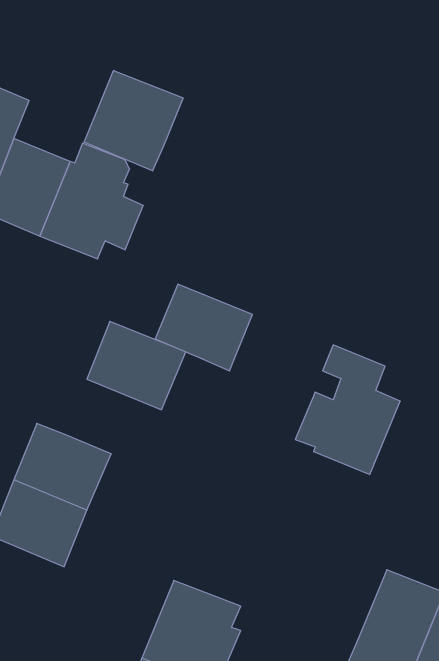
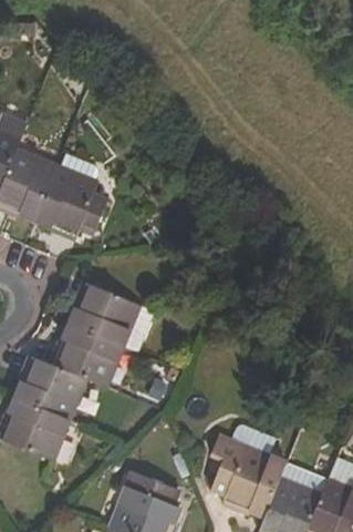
building: [84,70,183,171] -> none
building: [155,284,252,371] -> [51,325,122,388]
building: [295,345,400,474] -> [209,422,285,516]

